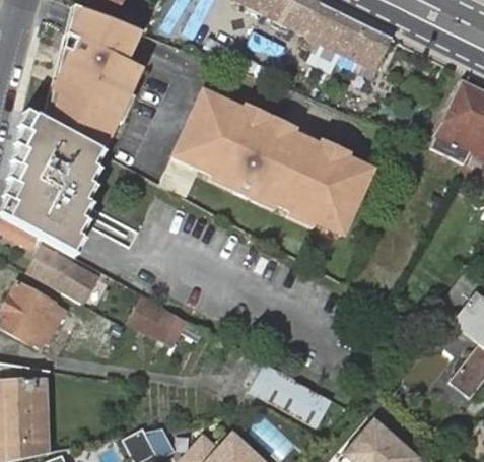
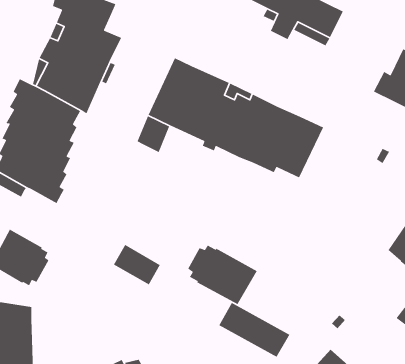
building: [29,246,87,300] -> none
building: none -> [187,244,258,305]

